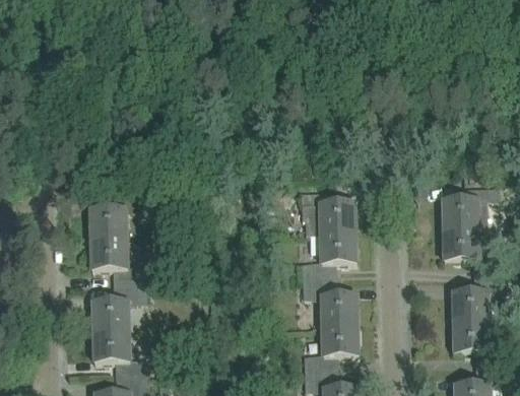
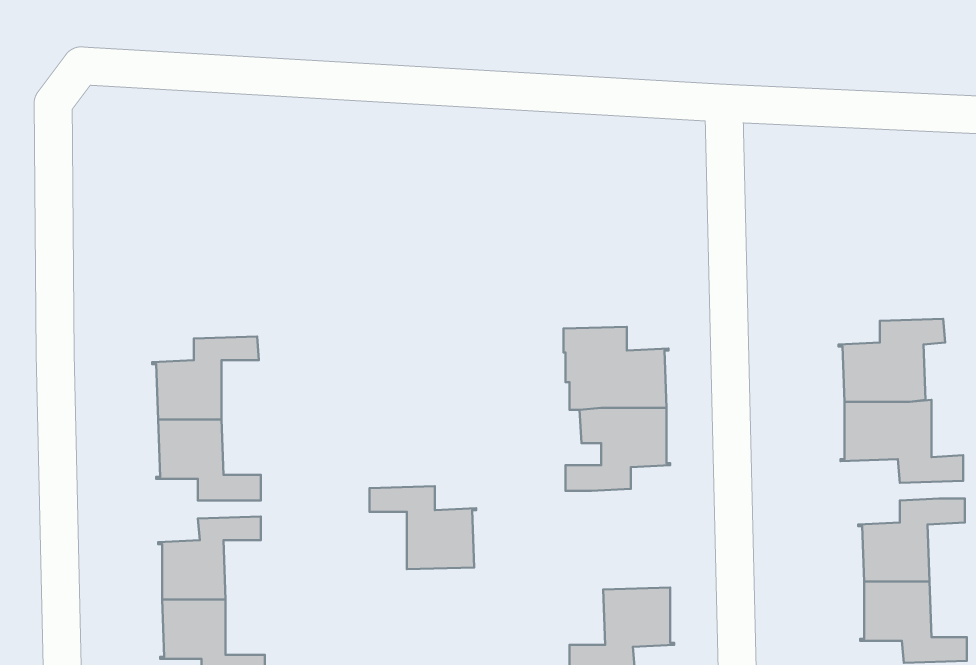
building: [301,279,355,322] -> [369,486,476,569]

